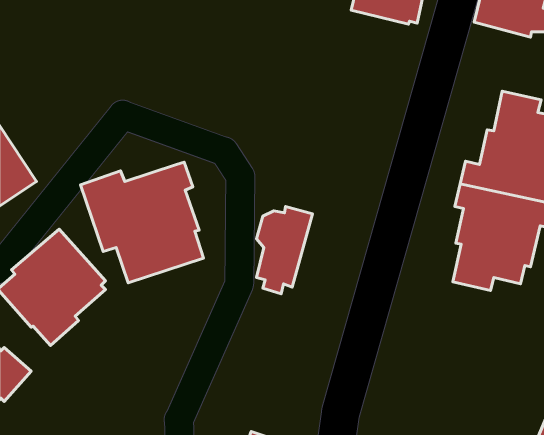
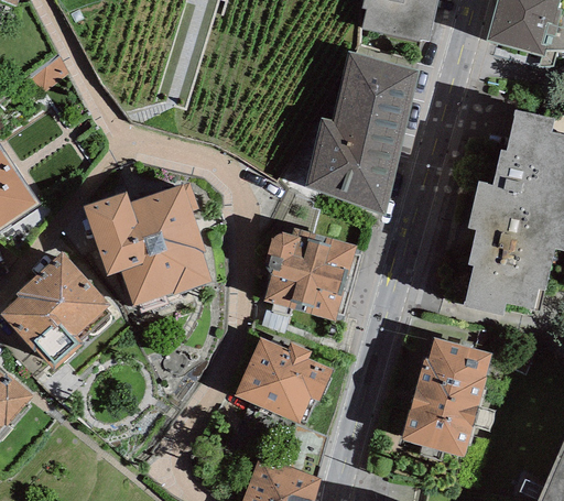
building: none -> [305,52,416,216]
building: none -> [300,236,359,319]
building: none -> [234,336,332,423]
building: none -> [401,338,490,456]

